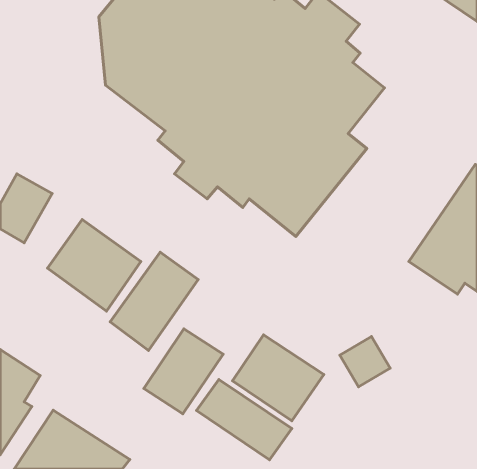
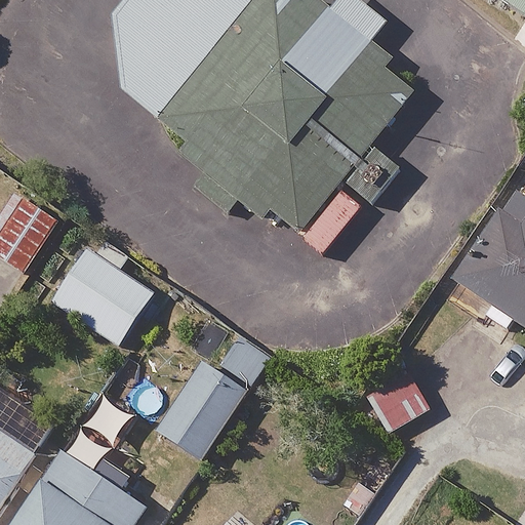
building: [110,252,198,350] -> none
building: [232,335,324,421] -> none
building: [196,379,292,460] -> none

